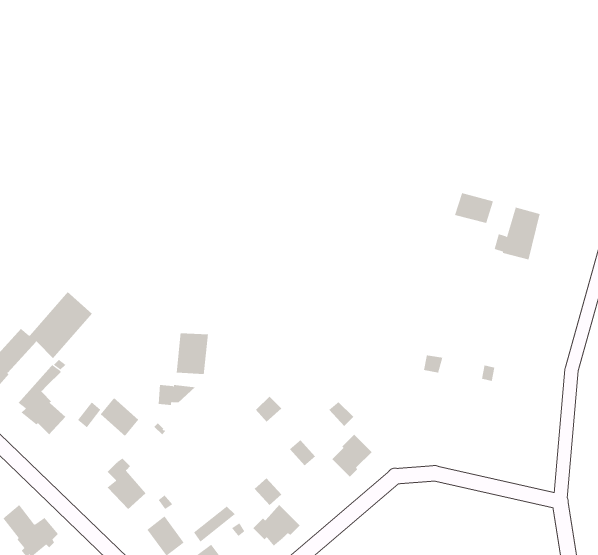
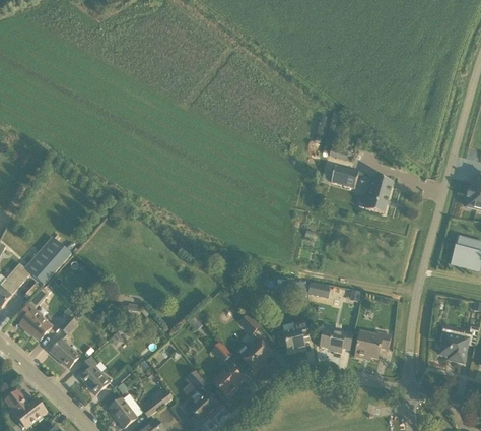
building: [176,333,208,375] -> none
building: [100,397,139,437] -> [50,340,78,368]
building: none -> [275,322,310,351]
building: none -> [319,330,352,354]
building: none -> [354,330,391,359]
building: none -> [211,365,243,398]

